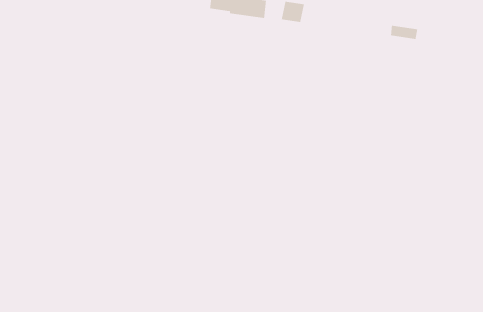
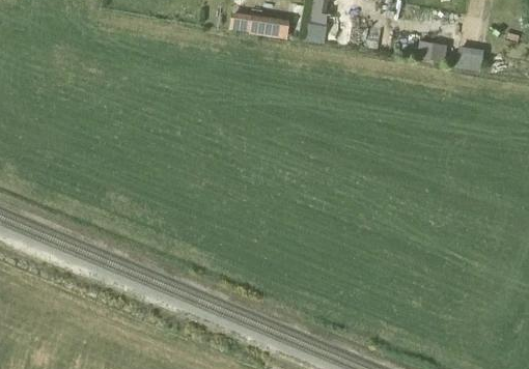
building: none -> [456,46,483,70]

